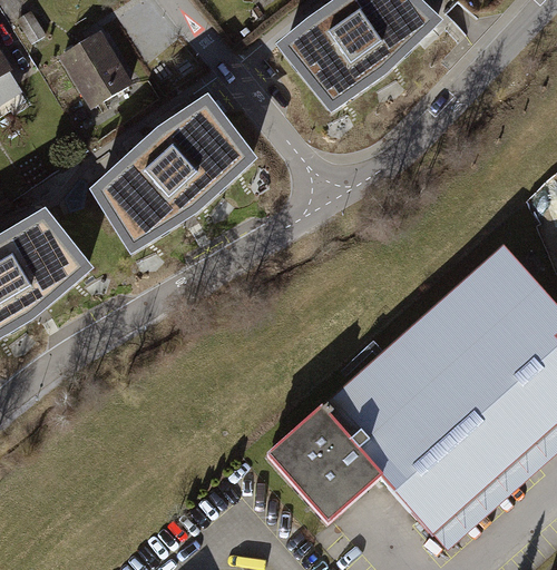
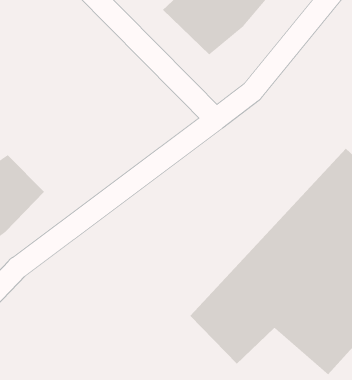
building: [61,29,128,101] -> none
building: [94,91,260,250] -> none

